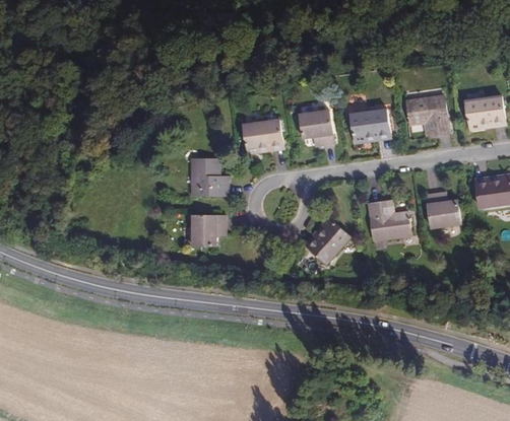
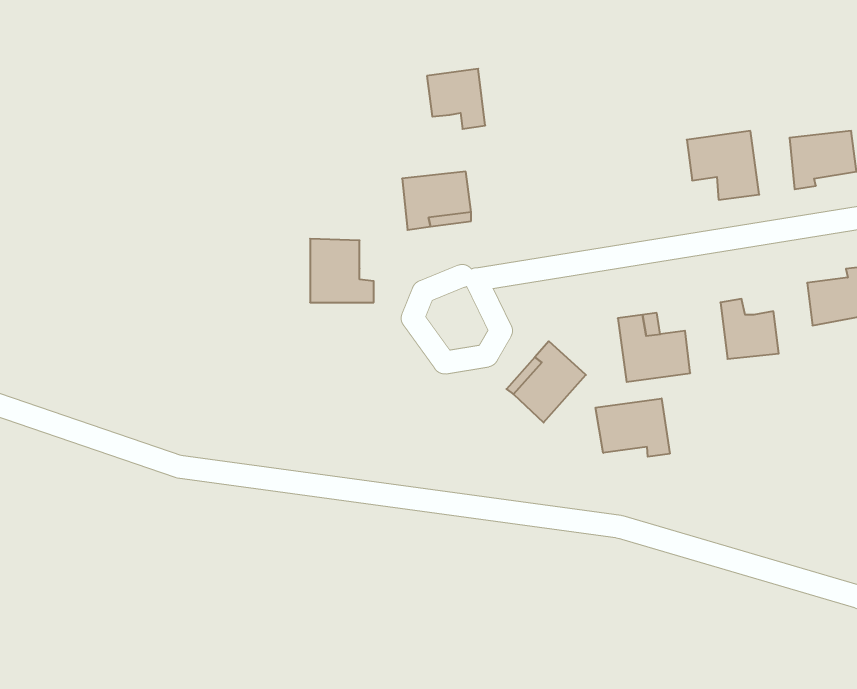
building: [352,109,390,142] -> none
building: [301,111,334,145] -> [427,69,485,129]
building: [192,215,226,245] -> none
building: none -> [596,398,670,457]

